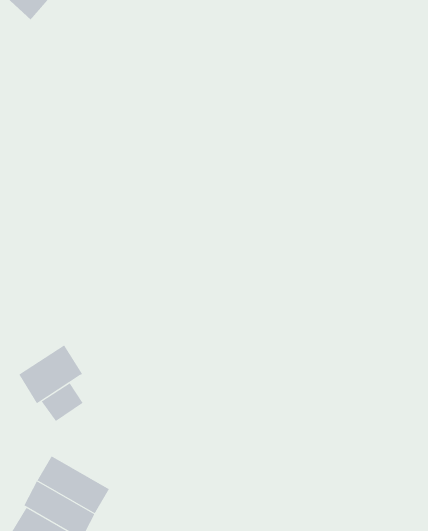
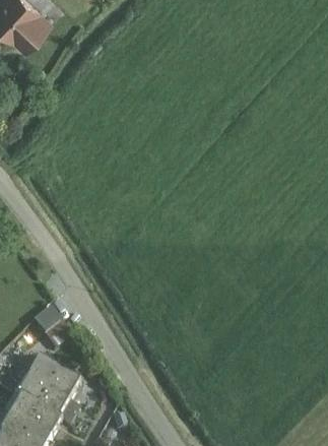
building: [18,344,83,404] -> none

